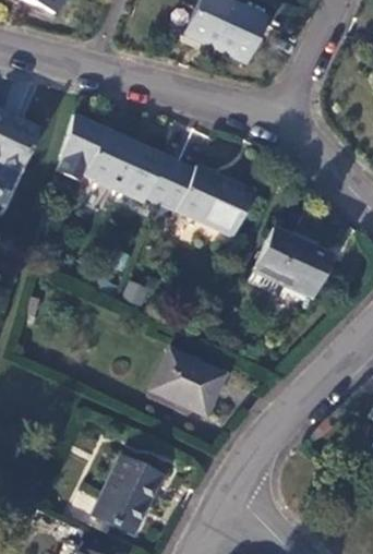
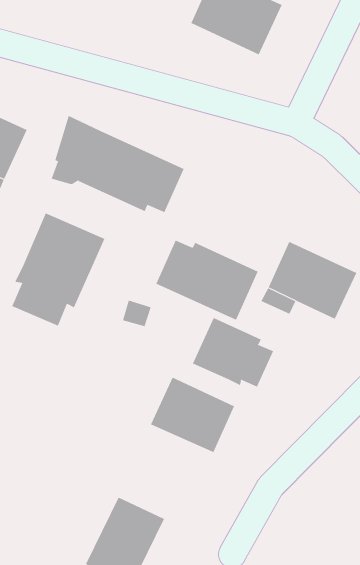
building: [163,164,254,236] -> [156,240,258,321]
building: none -> [12,213,105,327]
building: none -> [192,317,274,387]

